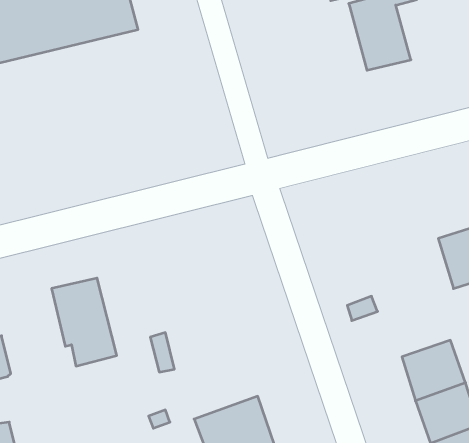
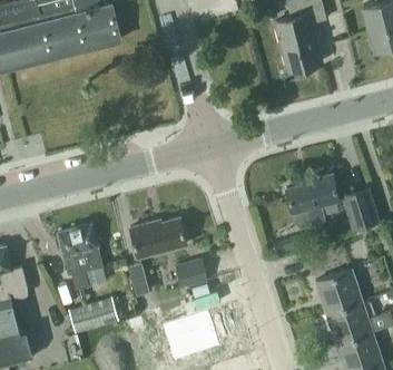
building: none -> [286,175,338,227]
building: none -> [130,218,187,259]
building: none -> [176,260,208,289]
building: none -> [71,298,121,331]

